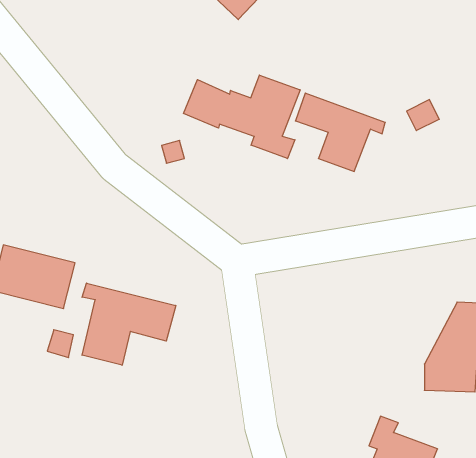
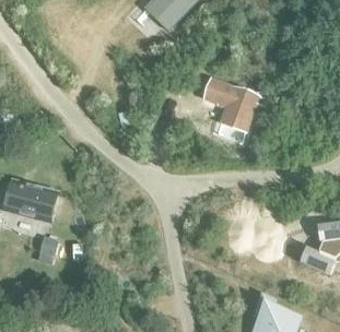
building: [183,75,300,159] -> none
building: [82,283,176,365] -> none

